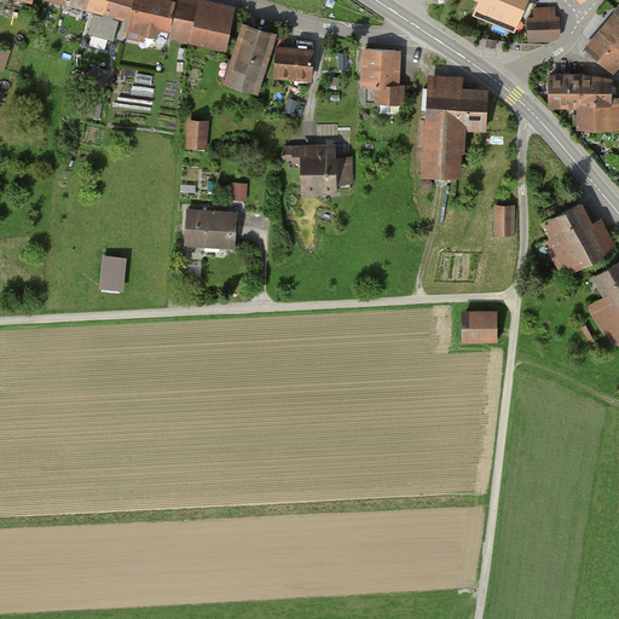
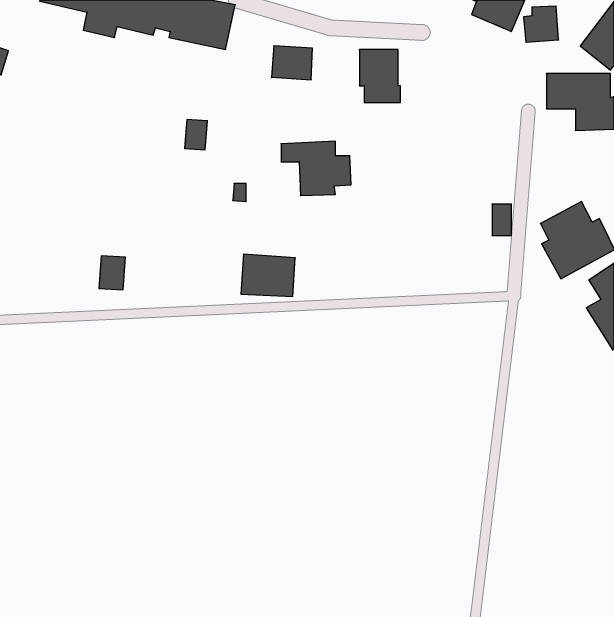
building: [222,23,276,96] -> none
building: [421,75,488,179] -> none
building: [183,207,237,249] -> [241,254,295,296]
building: [462,312,497,345] -> none

